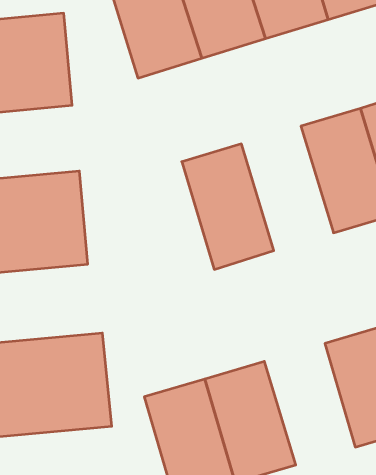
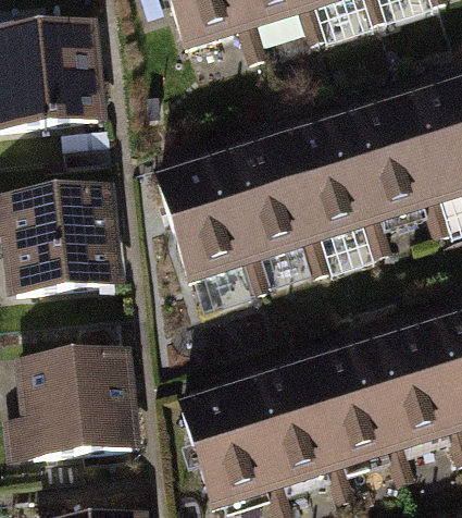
building: none -> [282,146,377,275]
building: none -> [158,183,253,313]
building: none -> [305,372,400,498]

